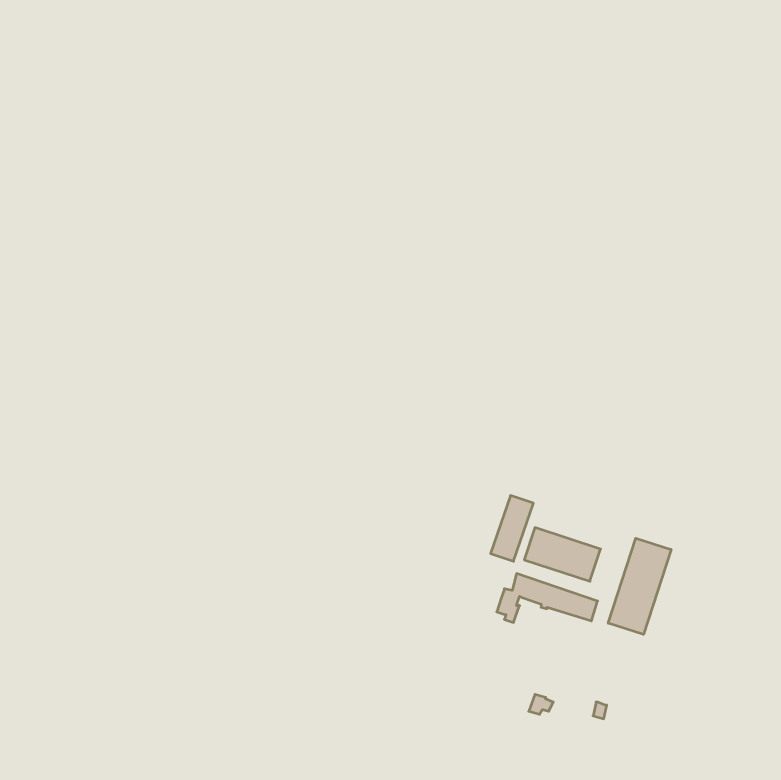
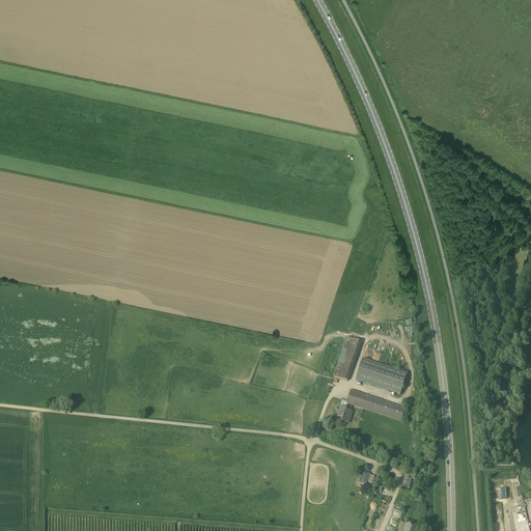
building: [608,538,671,634] -> none

